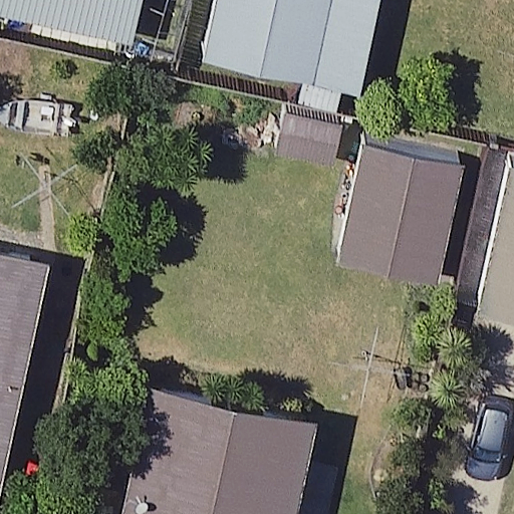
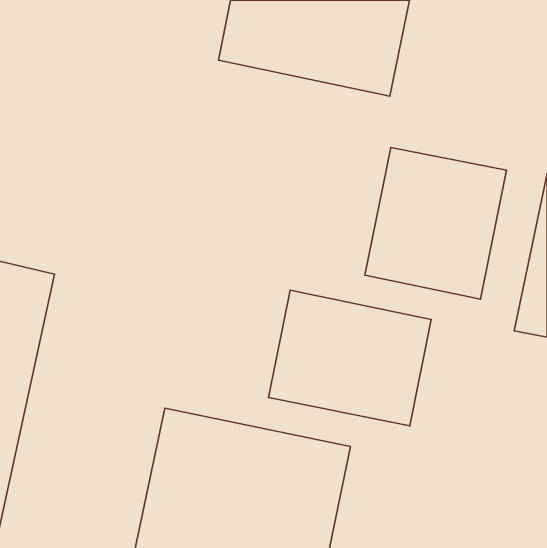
building: none -> [268,290,431,426]

